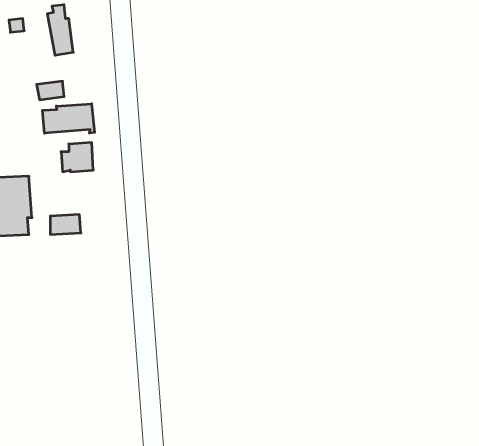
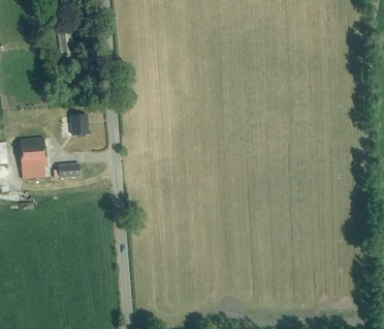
building: [43,104,95,133] -> none

